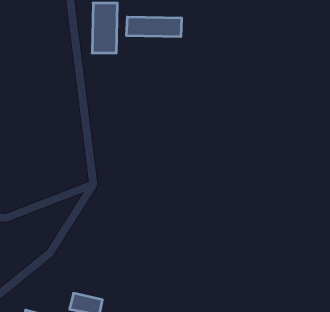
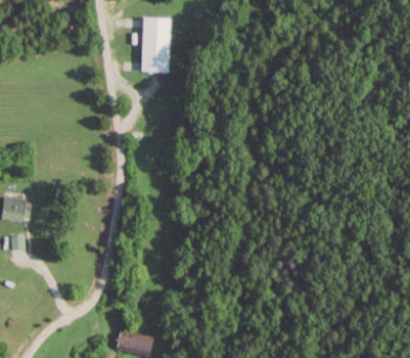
building: [127,17,182,37] -> none

